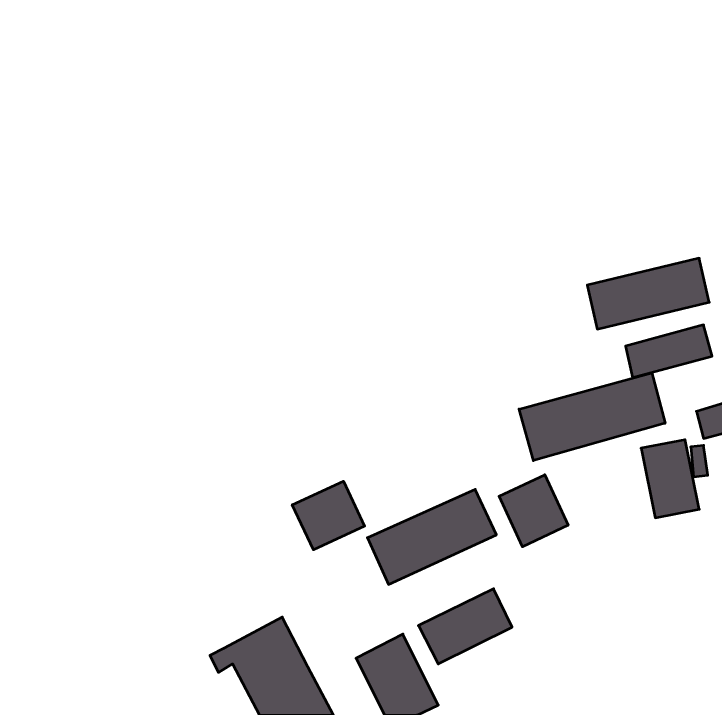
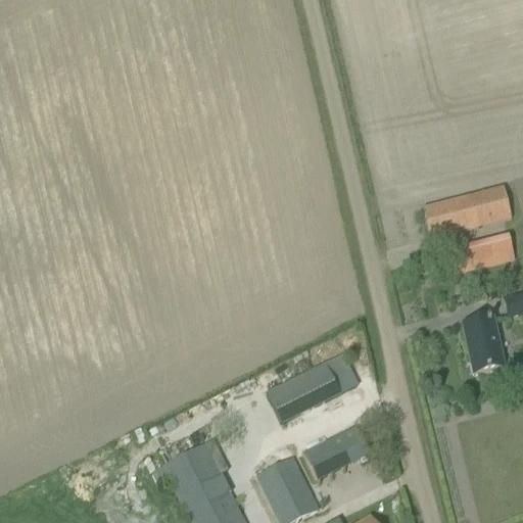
building: [519,373,665,461] -> none
building: [499,475,568,547] -> none
building: [292,481,365,550] -> none

